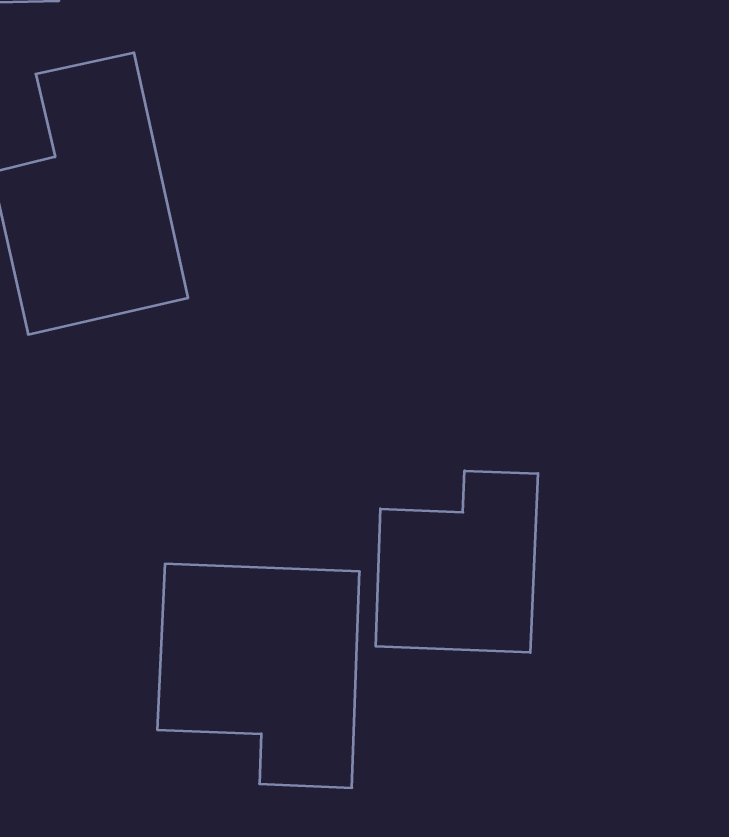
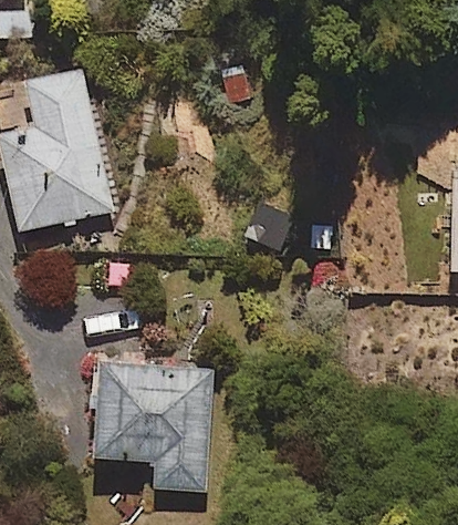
building: [376,471,538,653] -> none

